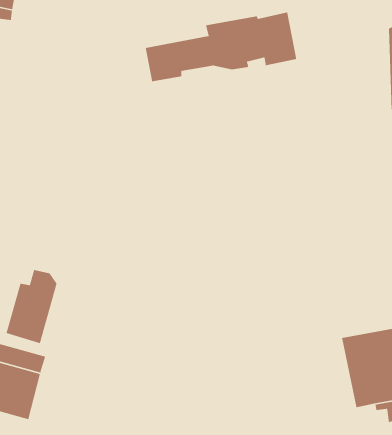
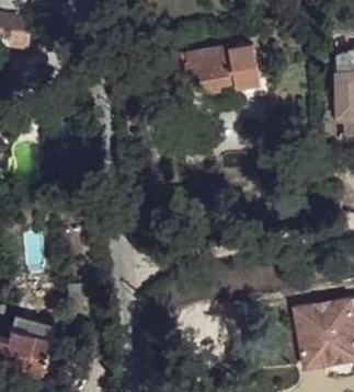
building: [6,269,57,344] -> none

